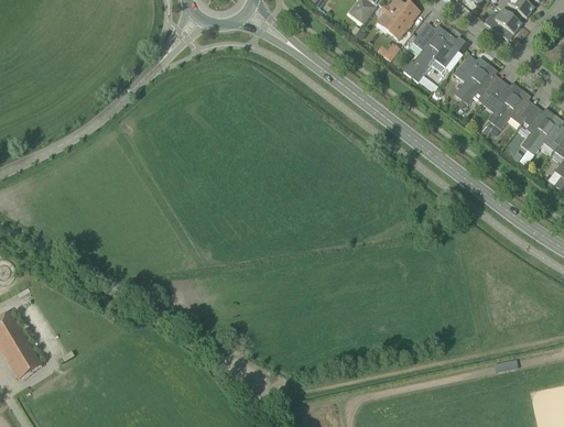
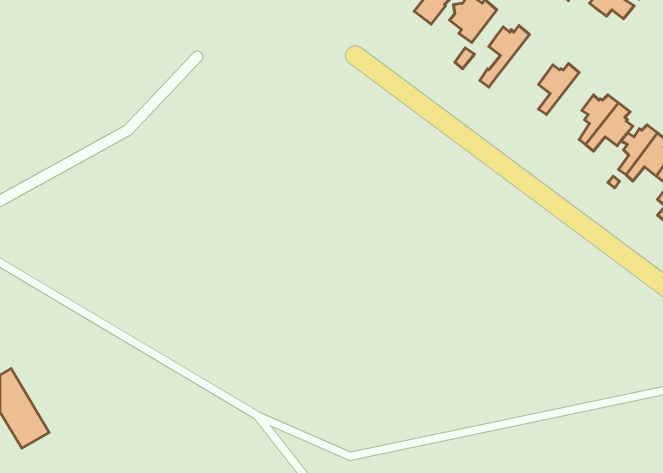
building: [485,9,521,34] -> none
building: [412,31,458,80] -> none
building: [460,63,500,103] -> none

